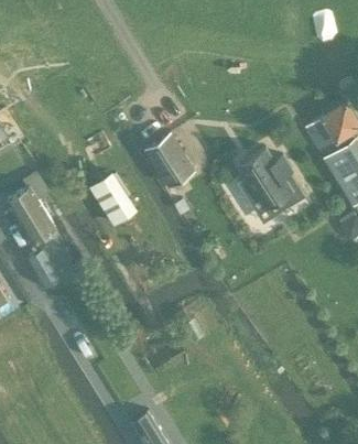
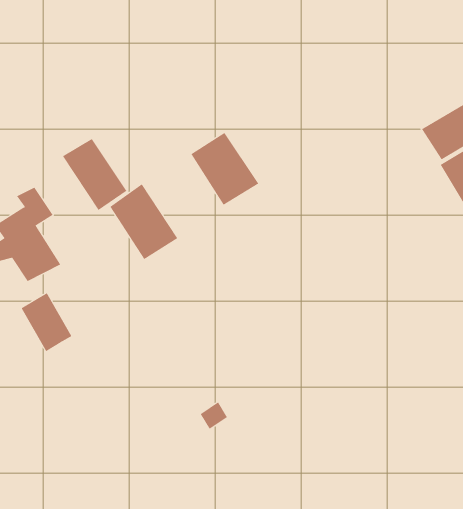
building: none -> [62,138,127,211]
building: [239,149,304,212] -> none

